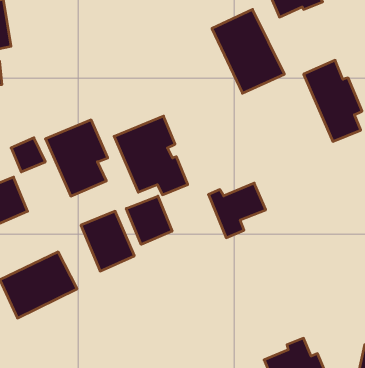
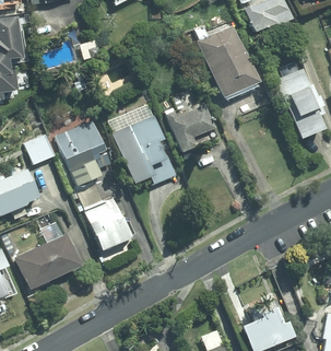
building: [208,183,266,238] -> [167,104,216,151]
building: [126,196,172,244] -> none

